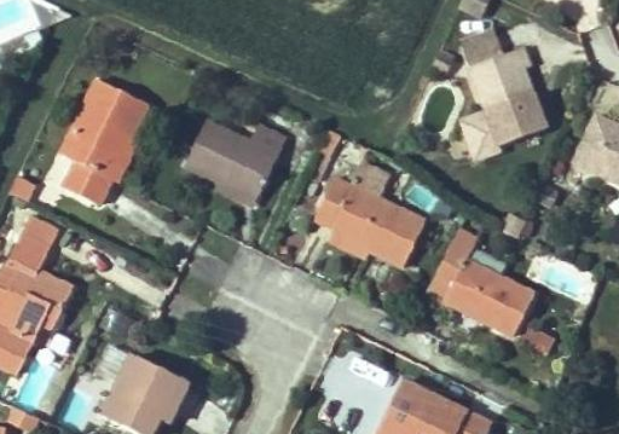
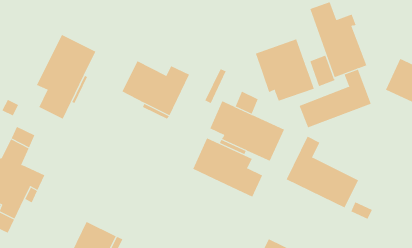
building: none -> [255,38,314,102]
building: none -> [299,69,372,128]
building: none -> [192,138,263,198]

